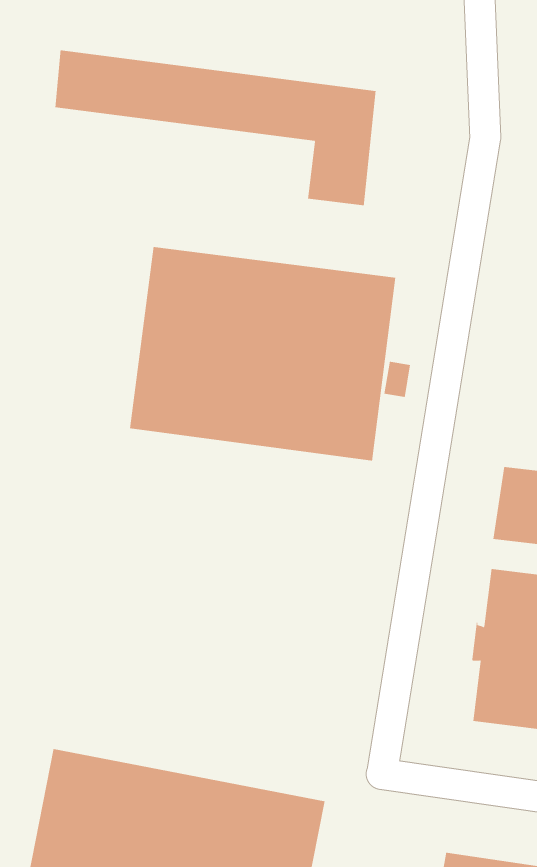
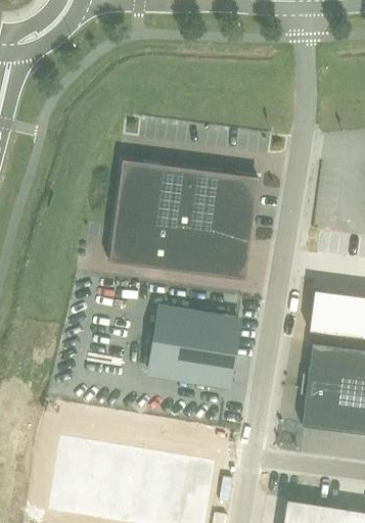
building: [55,50,376,206] -> none
building: none -> [145,315,234,392]

